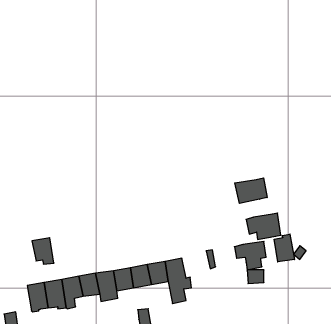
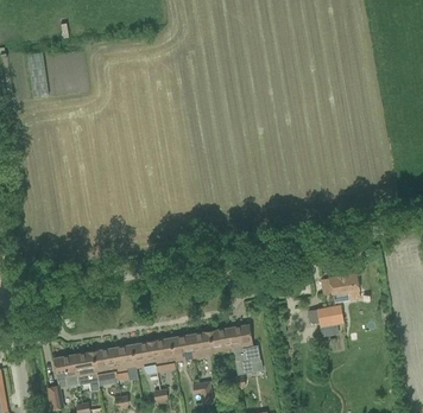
building: [235,178,267,203] -> none
building: [274,234,294,262] -> none
building: [32,238,54,264] -> [53,355,78,385]

